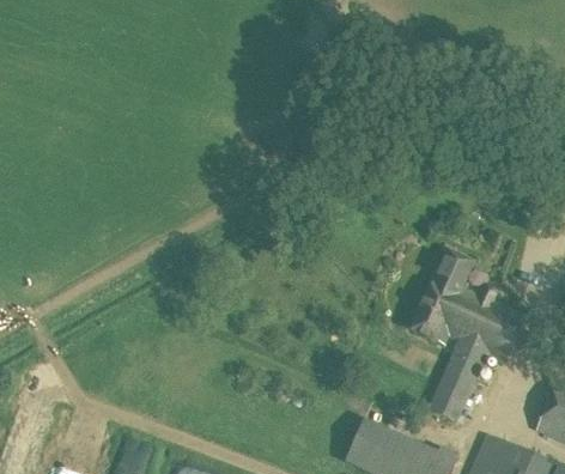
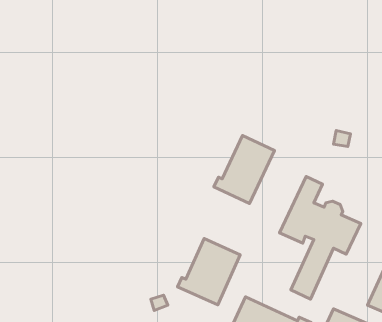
building: none -> [214,135,275,204]
building: none -> [177,238,240,305]

